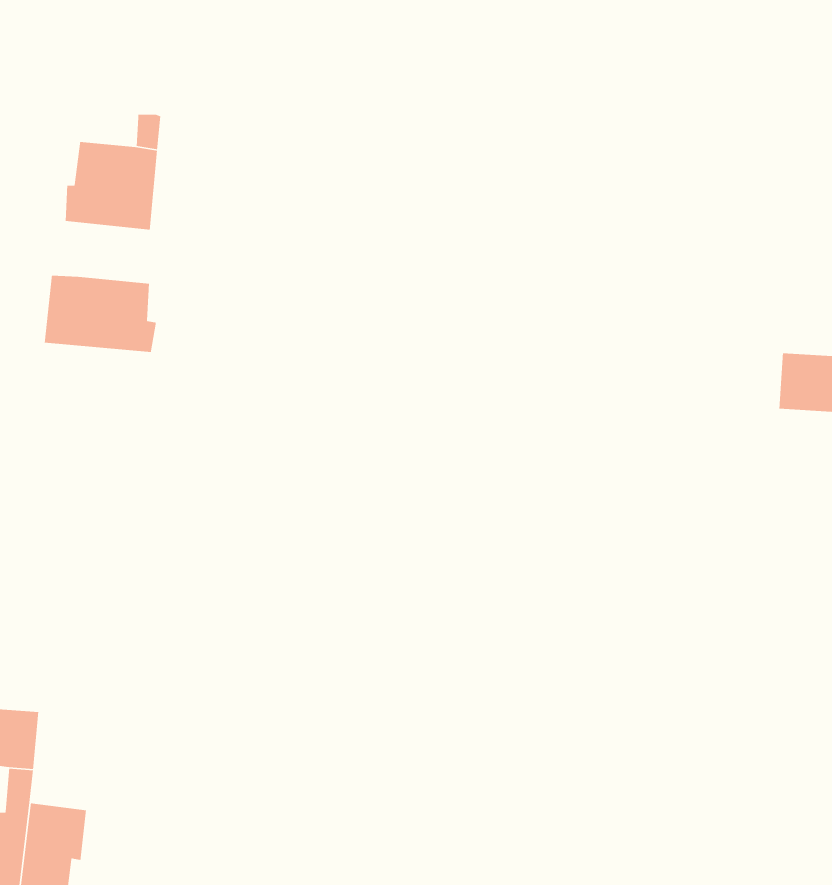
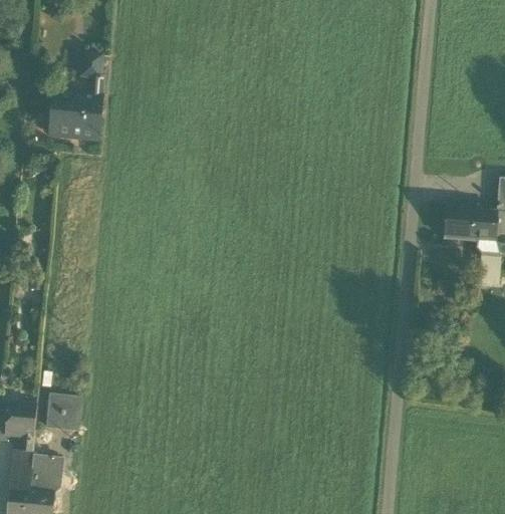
building: none -> [79,53,102,79]
building: [44,275,157,353] -> none
building: none -> [46,396,79,432]

